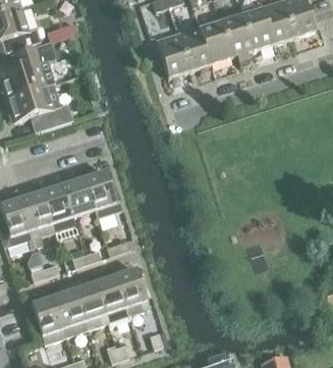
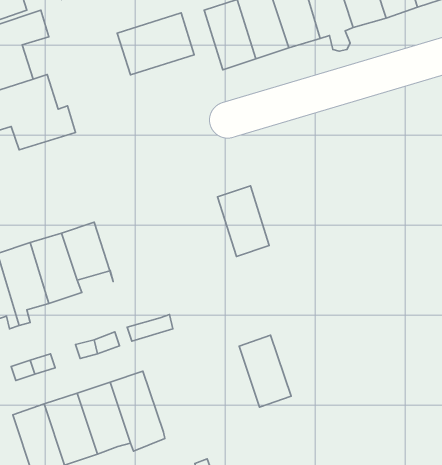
building: none -> [117,13,194,75]
building: [85,170,118,216] -> [218,186,269,257]
building: [116,267,150,314] -> [239,335,291,407]

